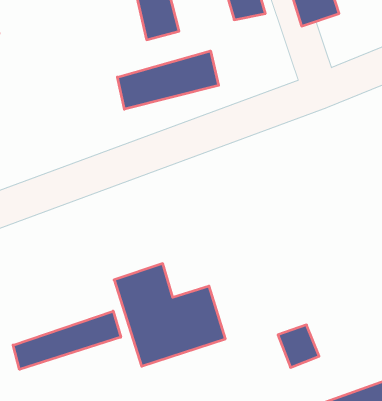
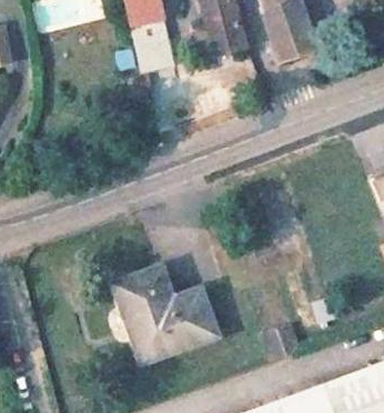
building: [117,51,219,109] -> none
building: [13,311,121,369] -> none

